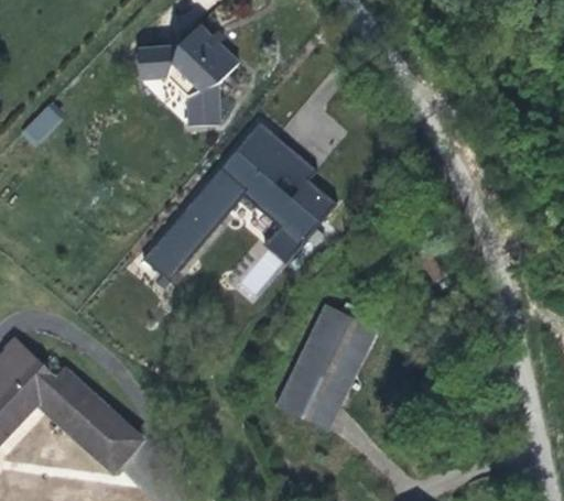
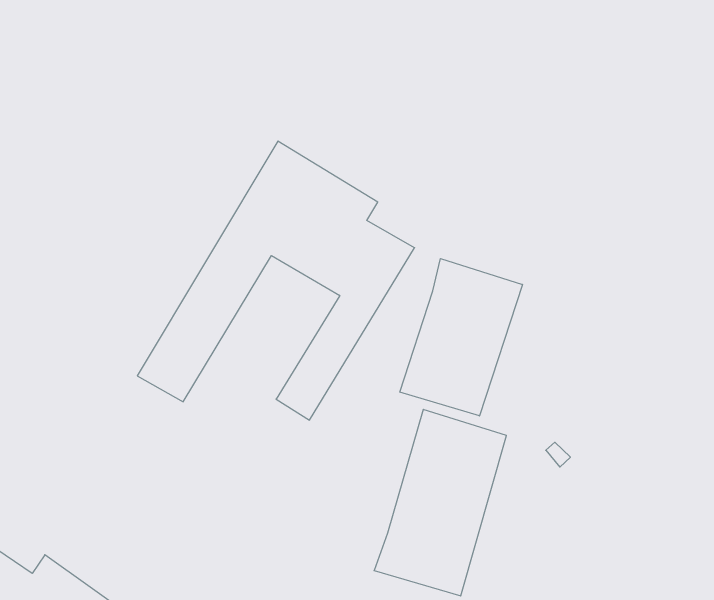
building: [145,31,248,132] -> none
building: none -> [400,259,522,416]

